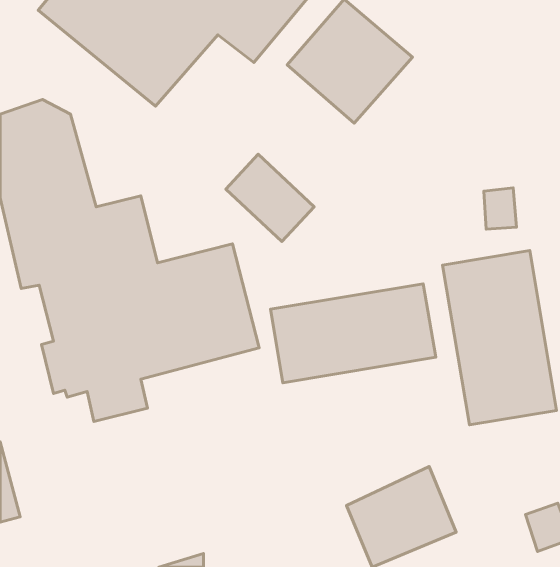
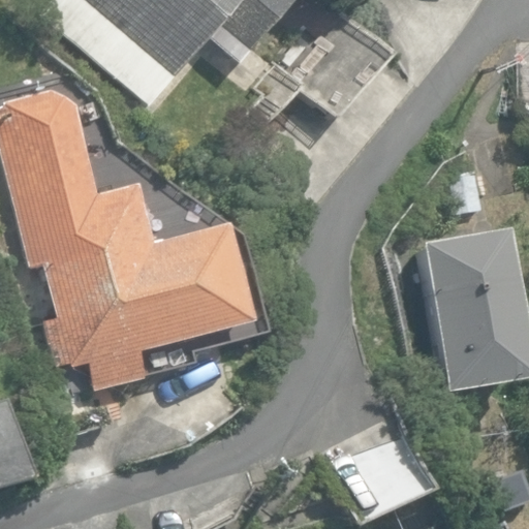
building: [271,284,436,383] -> none

